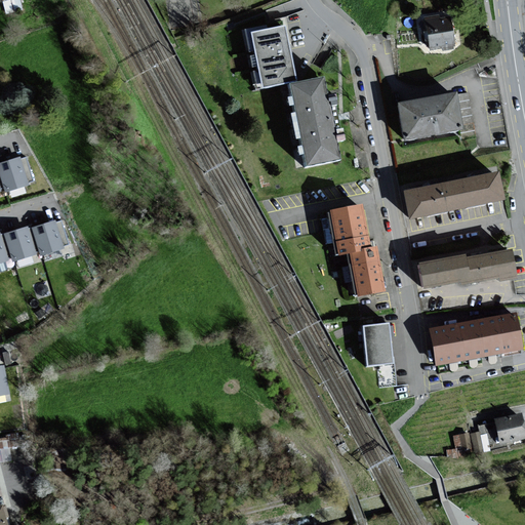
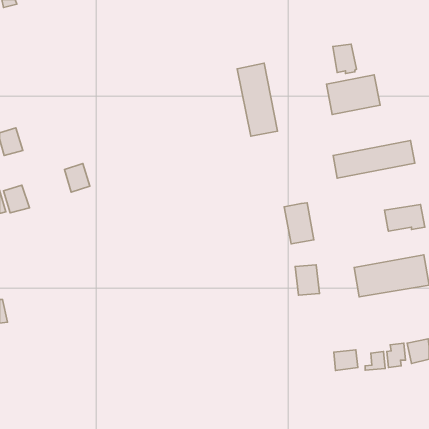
building: [427,13,455,49] -> [333,44,356,74]
building: [244,19,295,86] -> none
building: [328,207,367,254] -> none
building: [33,219,64,254] -> [64,164,90,192]
building: [422,252,473,287] -> none
building: none -> [334,350,358,371]

